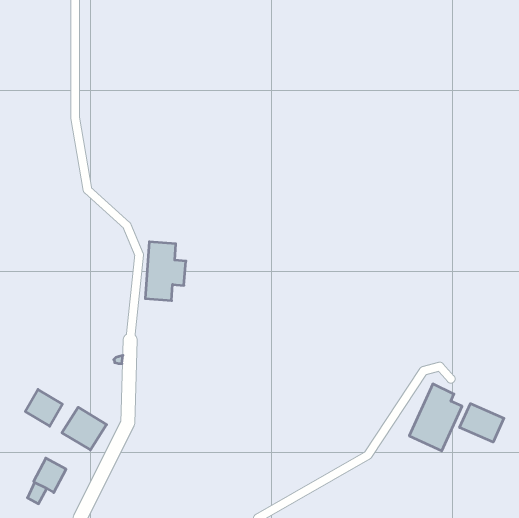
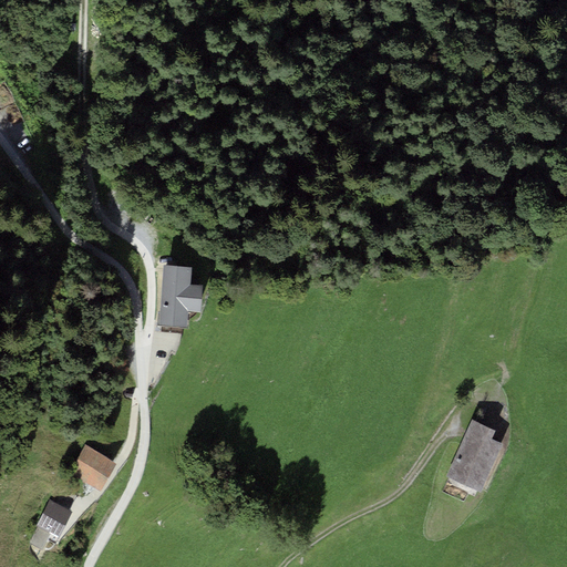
building: [25,389,62,426] -> none
building: [460,404,504,442] -> none

